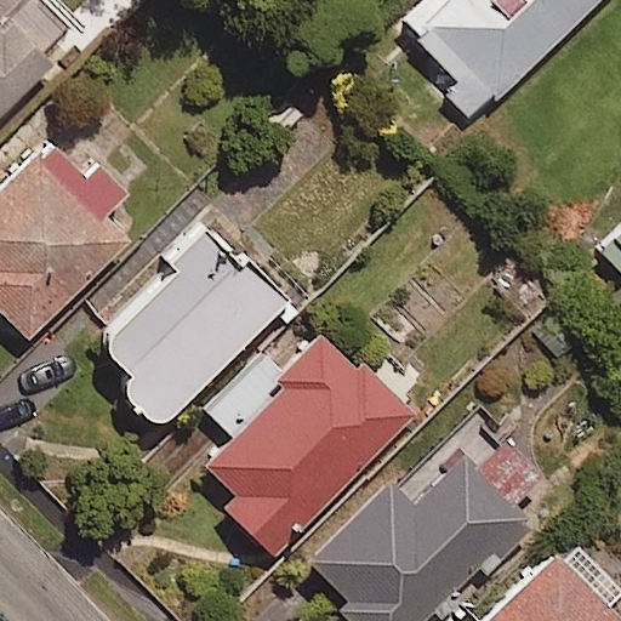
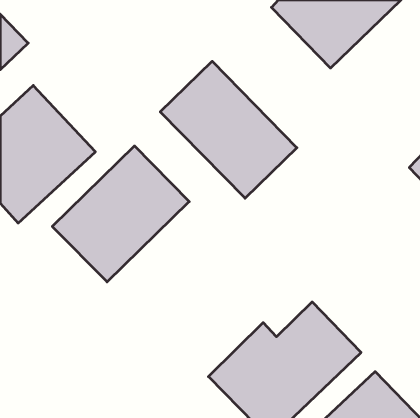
building: none -> [160,61,297,198]
building: [194,332,416,565] -> none

